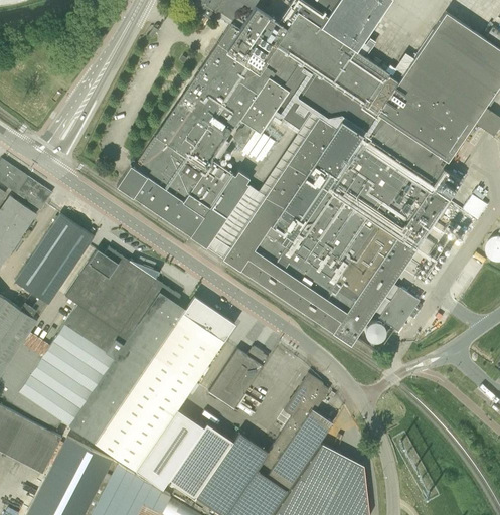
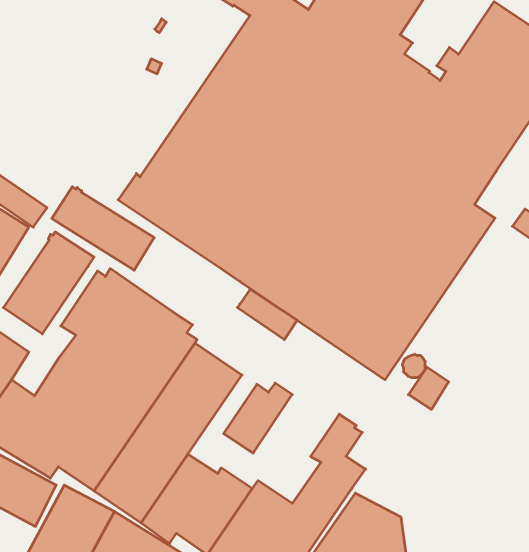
building: none -> [52,187,154,270]
building: [378,289,413,326] -> [408,367,449,409]
building: [182,297,234,341] -> [237,289,297,340]

